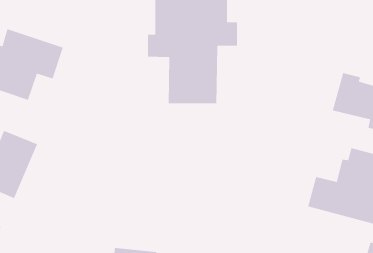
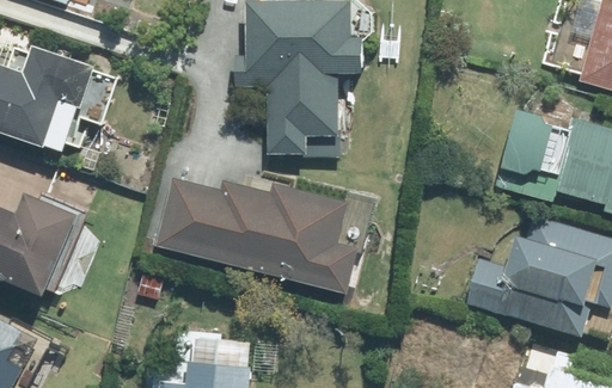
building: none -> [154,178,361,294]

